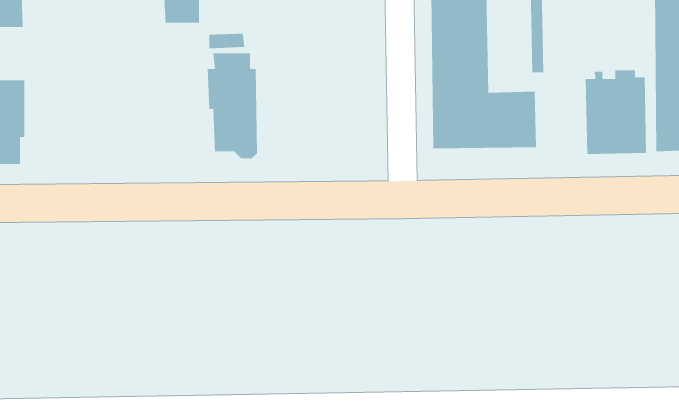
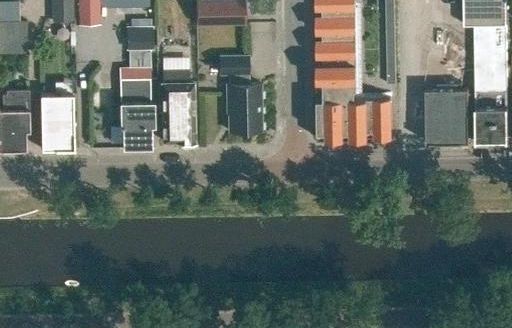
building: none -> [220,54,261,132]
building: none -> [118,68,155,151]
building: none -> [37,94,74,151]

